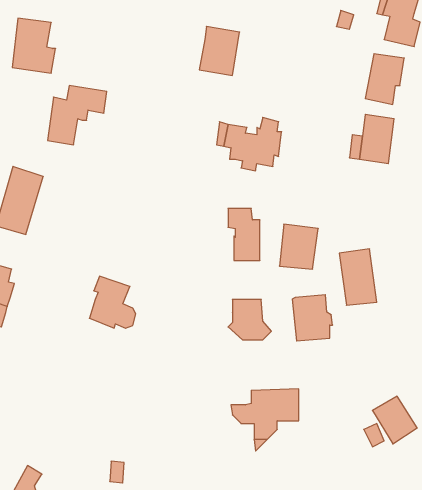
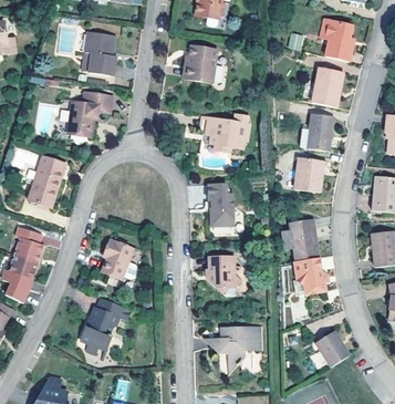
building: [12,18,56,73] -> [84,32,117,74]
building: [279,224,318,269] -> [295,157,325,191]
building: [292,295,333,341] -> [295,258,326,293]
building: none -> [81,296,128,349]

